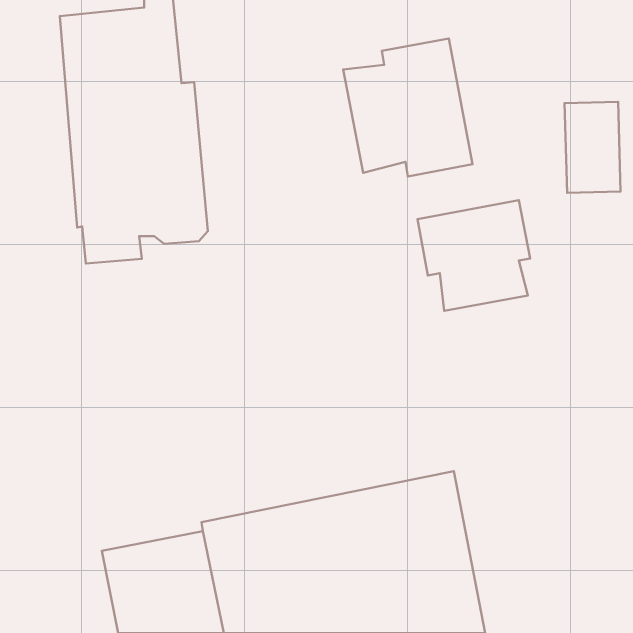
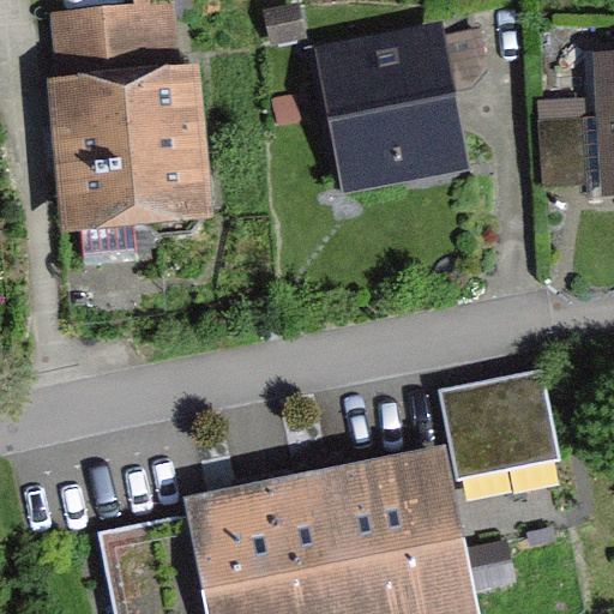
building: [417,200,530,311] -> none
building: none -> [445,373,555,460]

